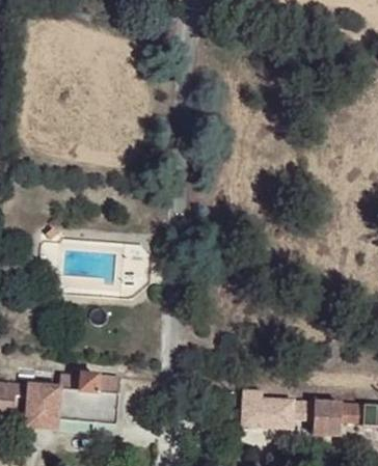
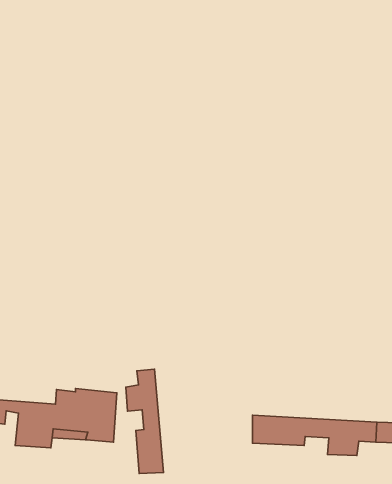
building: none -> [126,369,164,474]

